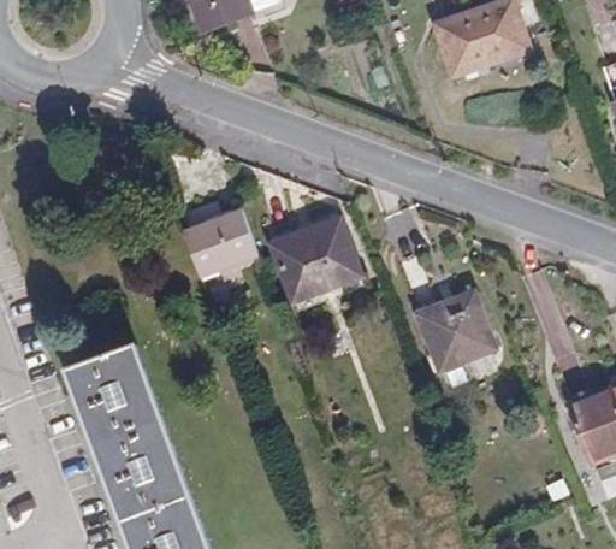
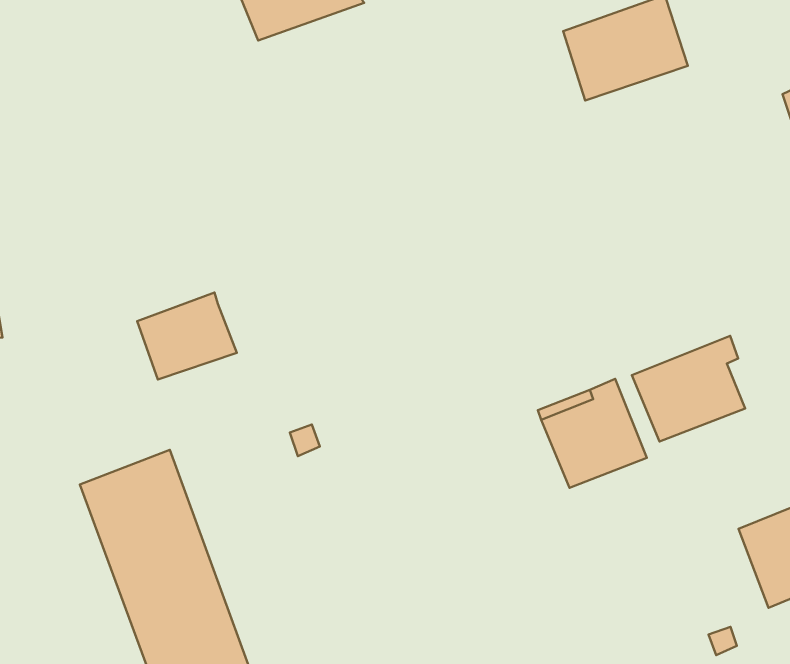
building: [182,209,257,276] -> [137,293,237,380]
building: [267,218,361,302] -> none
building: none -> [632,336,745,442]

